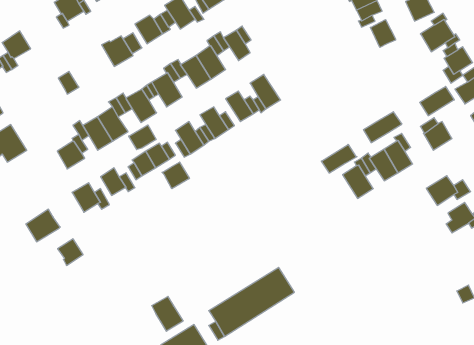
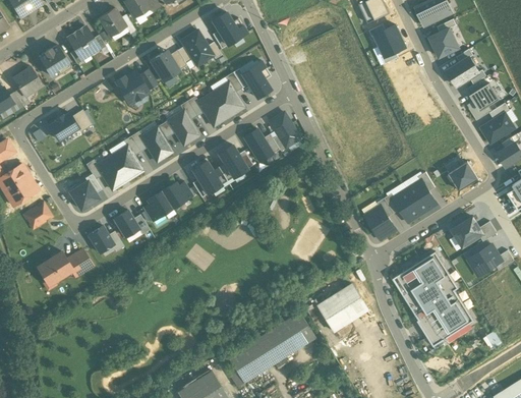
building: none -> [40,46,70,77]
building: [370,20,396,47] -> none
building: none -> [49,113,78,140]
building: [420,86,454,116] -> none
building: [364,112,402,143] -> none
building: [129,125,156,150] -> none
building: [321,144,357,173] -> none
building: none -> [22,202,53,230]
building: [162,162,189,189] -> none
building: none -> [397,251,474,346]
building: [58,239,83,265] -> [66,249,93,277]
building: none -> [316,284,367,331]
building: [152,296,183,331] -> none

